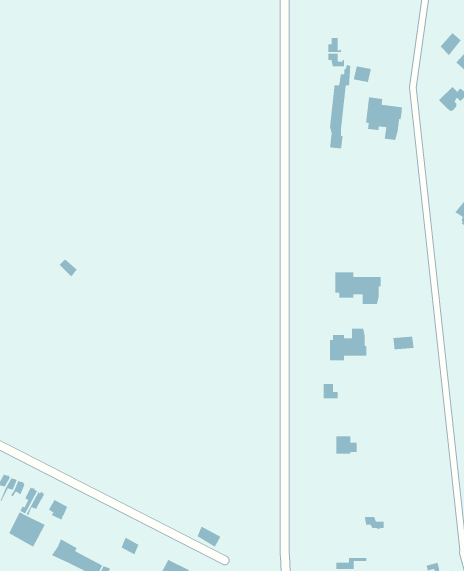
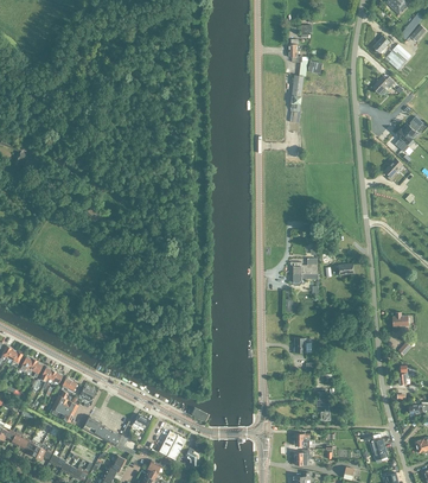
building: [365,97,403,141] -> none
building: [334,271,381,305] -> none

